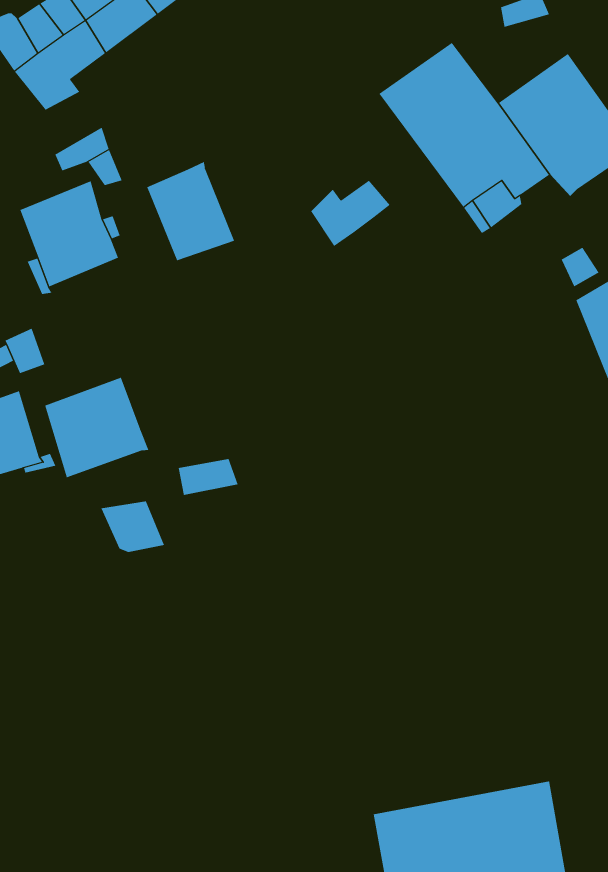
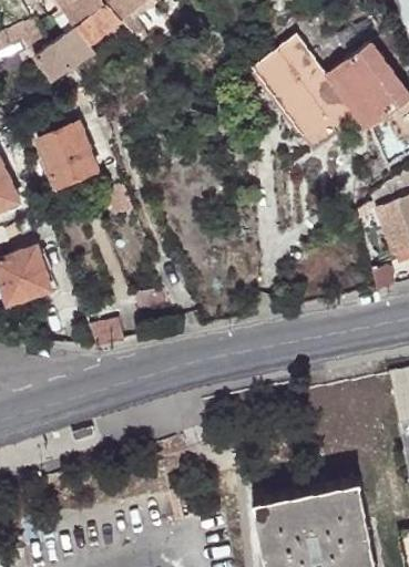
building: [146,161,235,261] -> none
building: [311,180,390,247] -> none
building: [44,377,149,478] -> none

